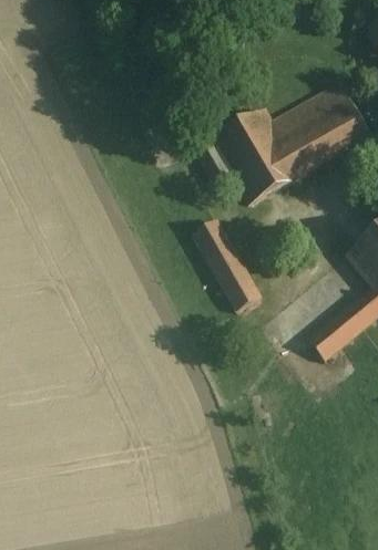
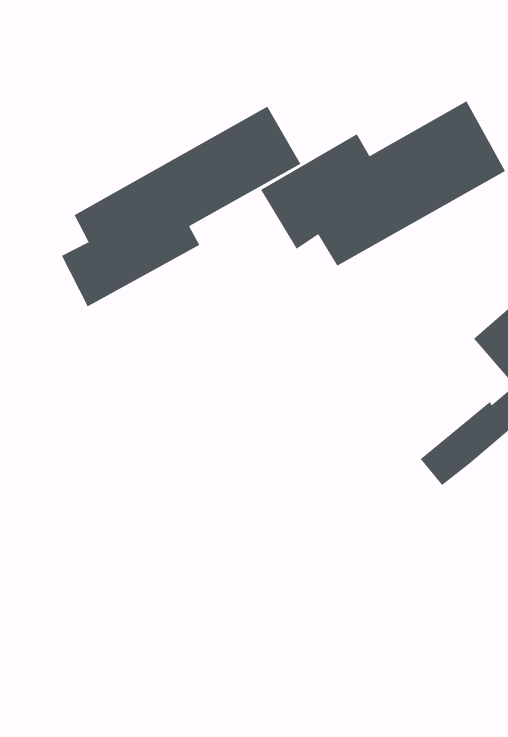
building: none -> [61,106,301,307]
building: [193,217,260,309] -> none

